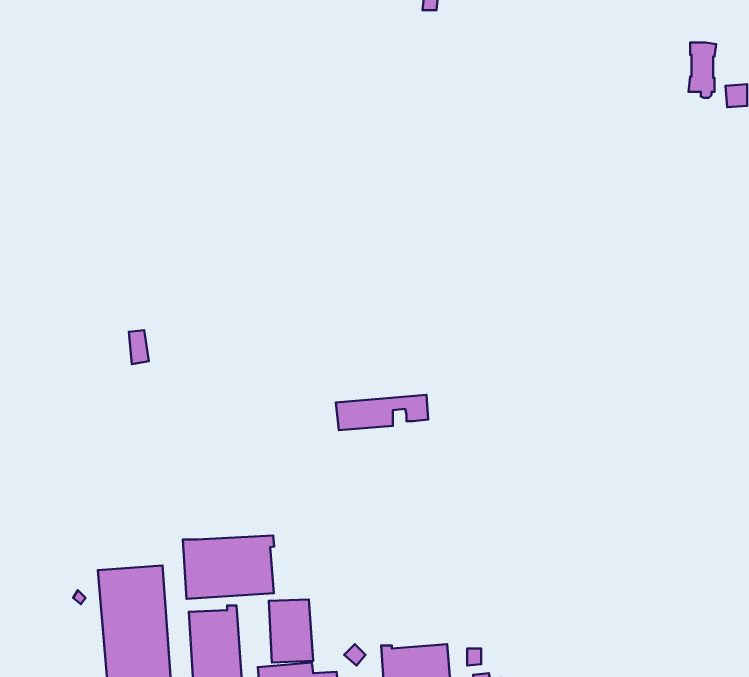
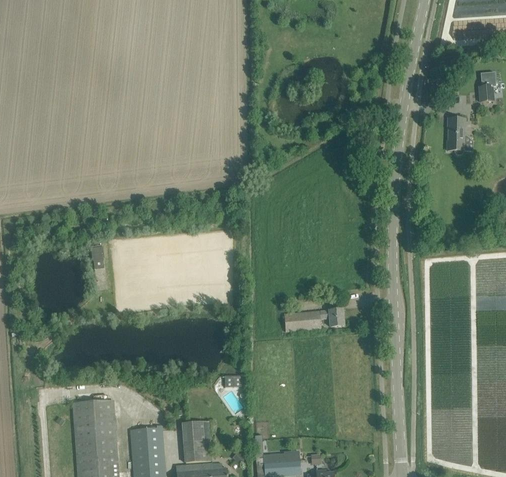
building: [688,43,716,98] -> [446,117,464,153]
building: [336,395,428,430] -> [283,308,343,331]
building: [183,536,274,599] -> none

